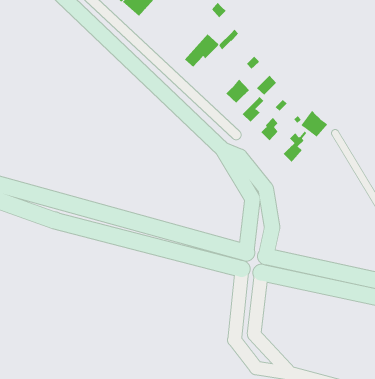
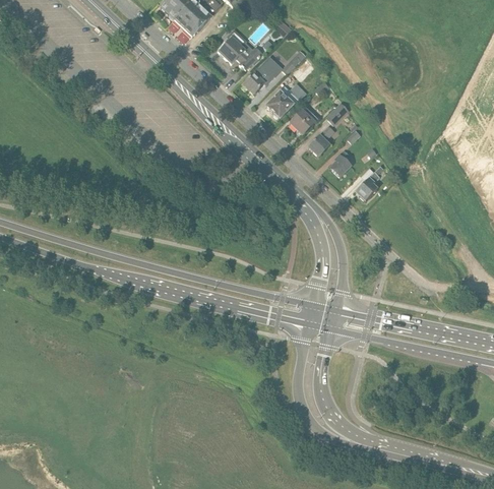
building: none -> [217,28,262,70]
building: none -> [265,85,298,118]
building: [301,110,328,138] -> none

